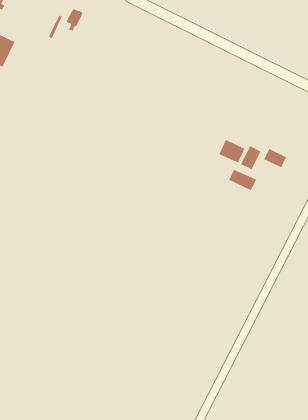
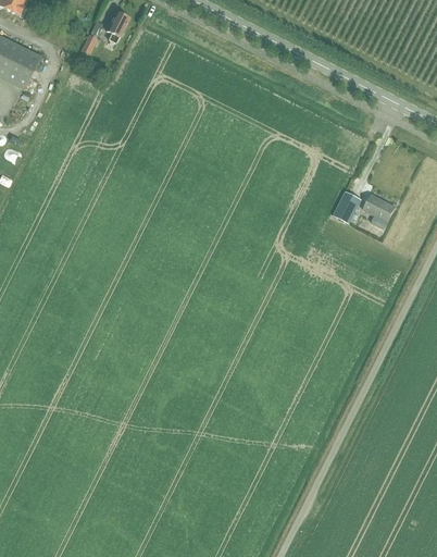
building: [218,139,246,163] -> none
building: [228,169,257,191] -> none

